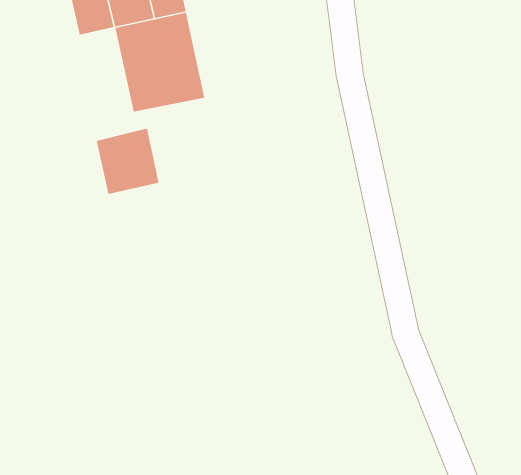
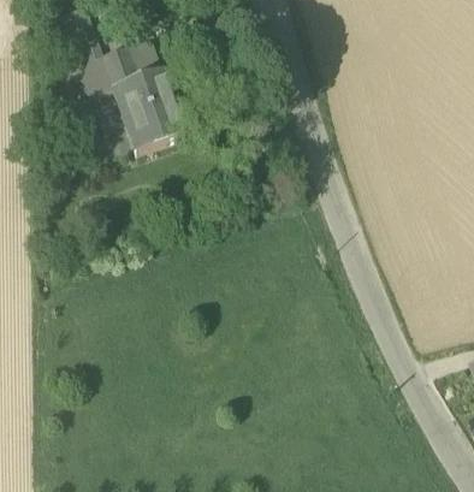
building: [96,128,160,195] -> none

